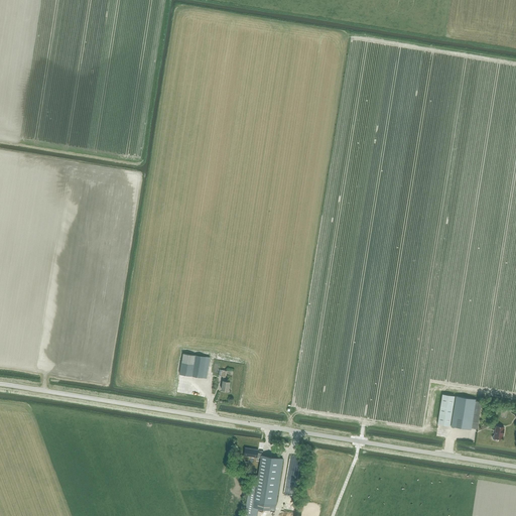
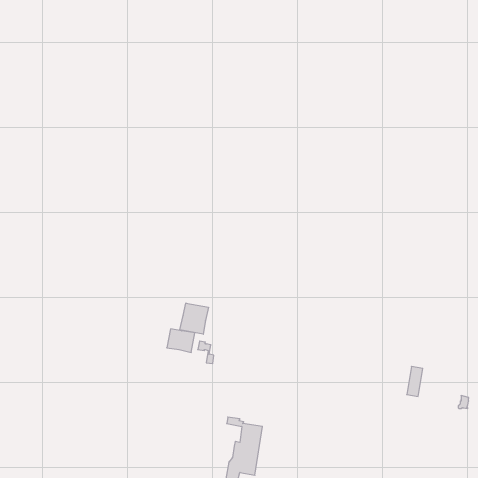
building: none -> [180,303,208,334]
building: [452,397,482,430] -> none

